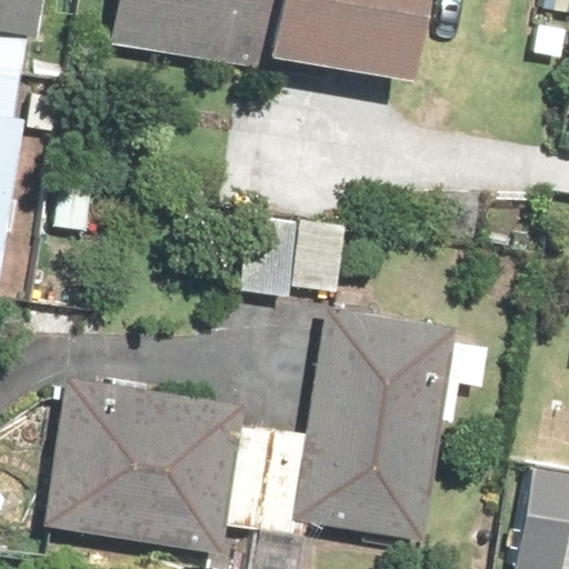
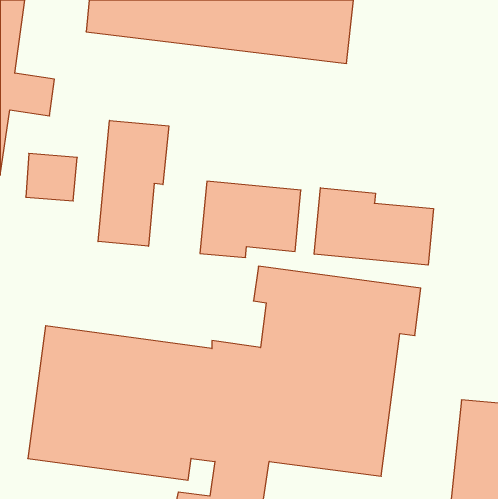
building: none -> [98,120,169,246]
building: none -> [314,188,433,265]

